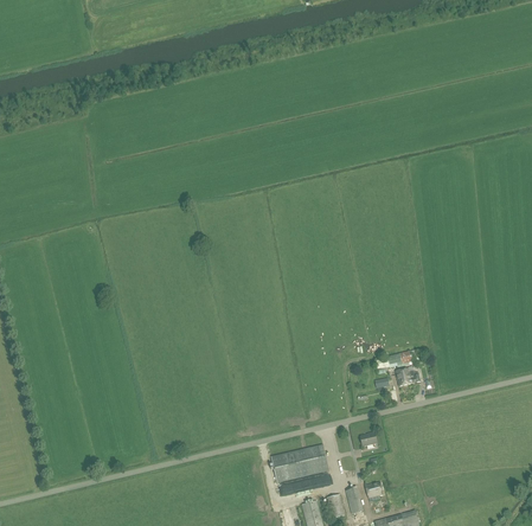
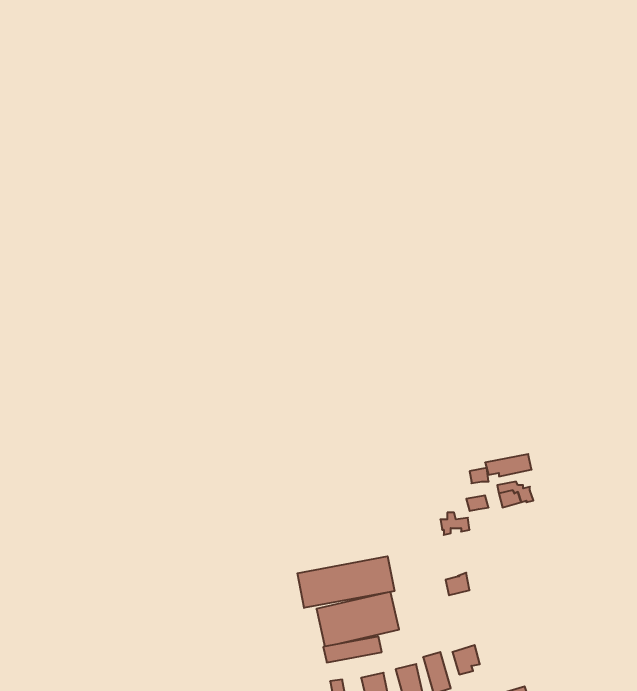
building: none -> [297,556,394,608]

